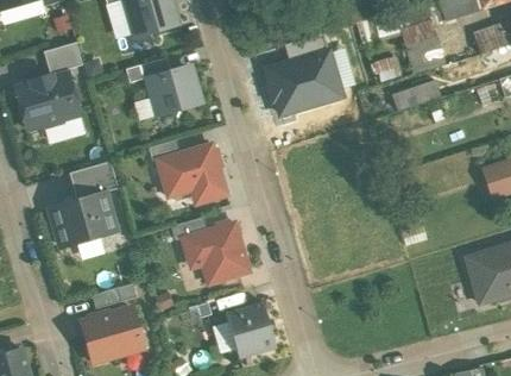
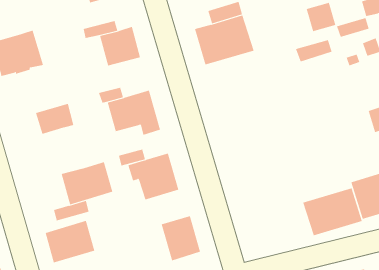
building: [44,42,83,74] -> none
building: [50,192,115,246] -> [61,161,113,205]
building: none -> [303,187,363,236]

